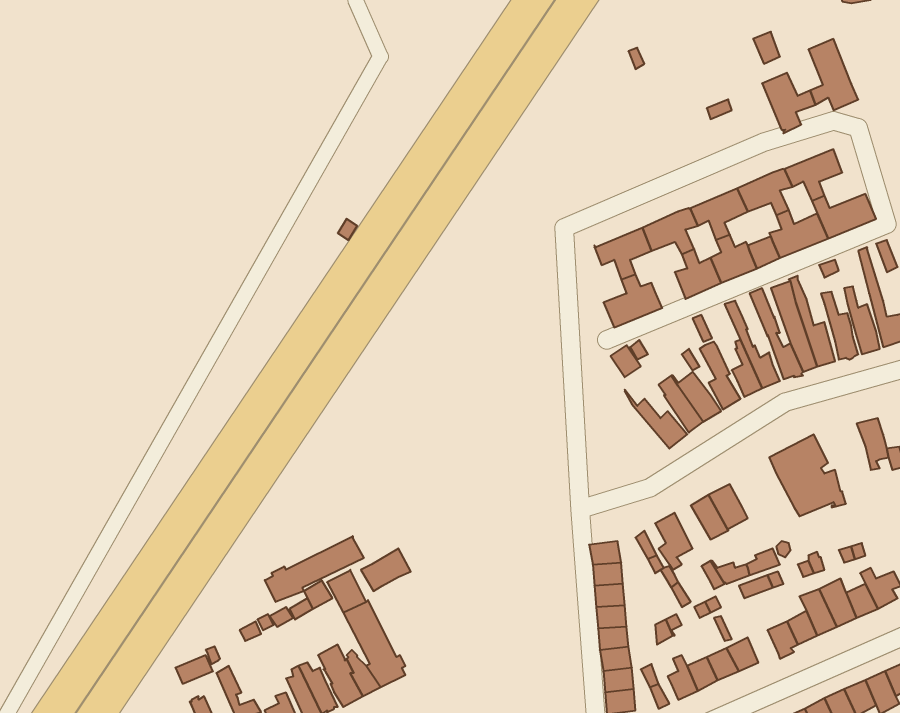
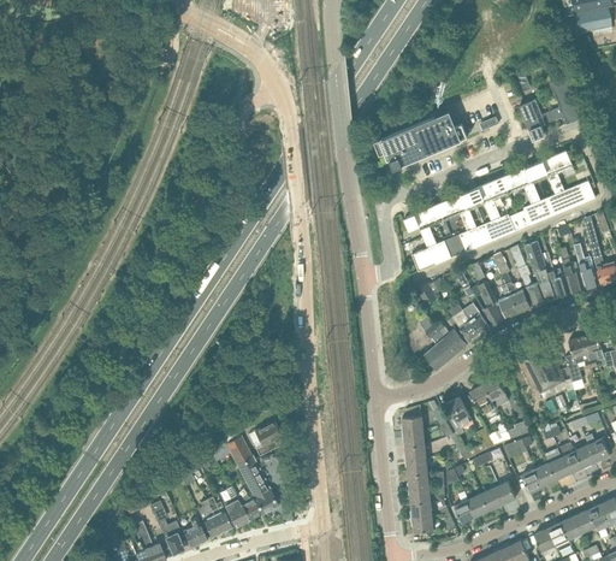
building: none -> [374,112,467,169]
building: none -> [420,315,456,370]
building: none -> [564,337,592,383]
building: [265,536,364,602] -> none

